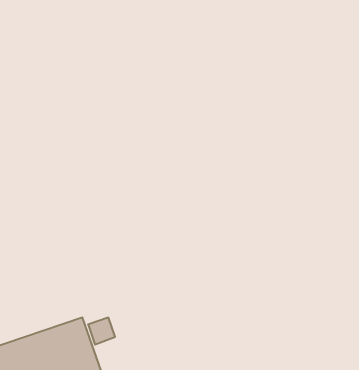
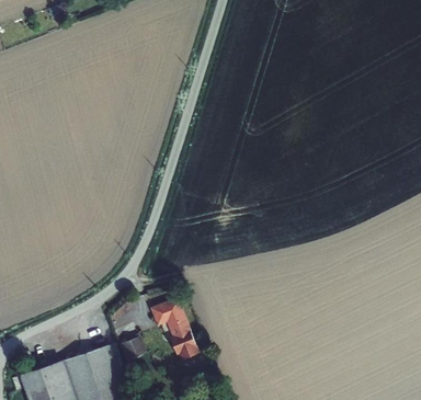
building: none -> [149,298,197,361]

